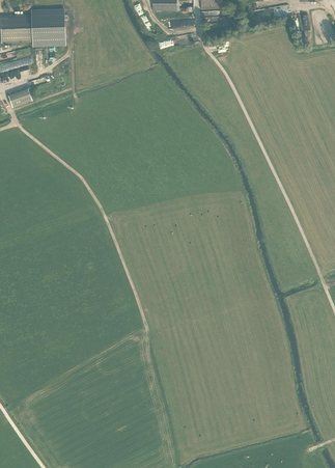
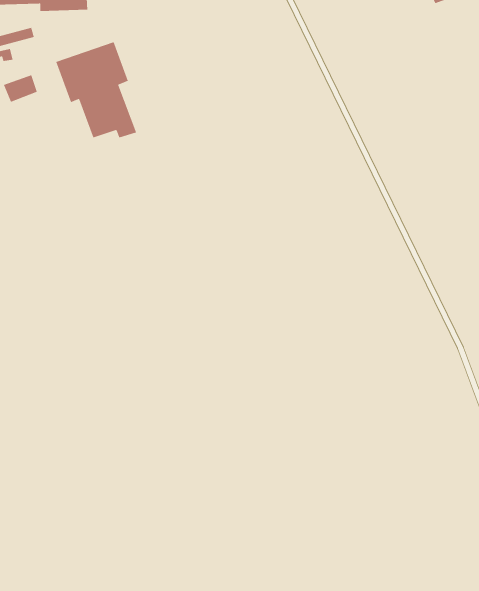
building: none -> [55,41,137,139]

